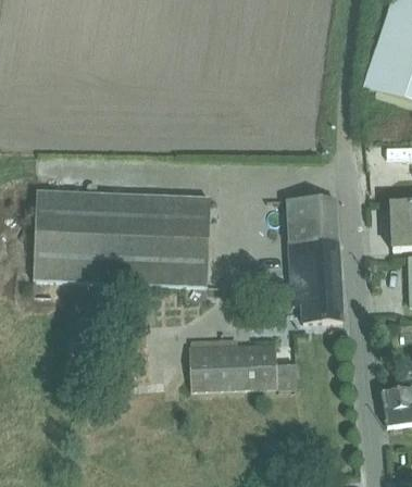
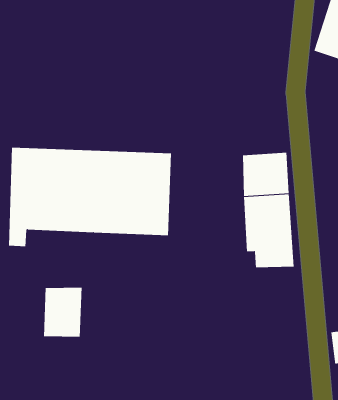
building: none -> [43,287,82,337]
building: [189,342,296,389] -> none

